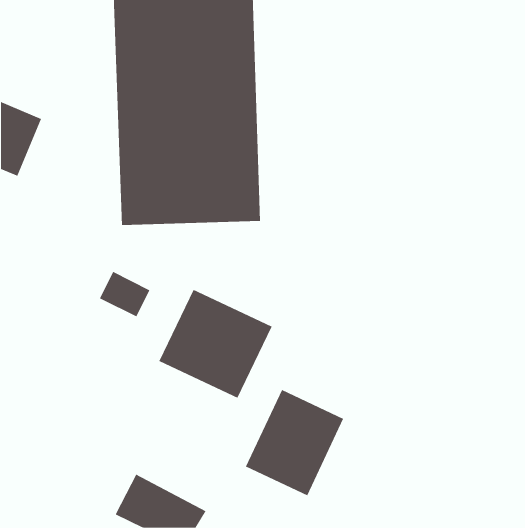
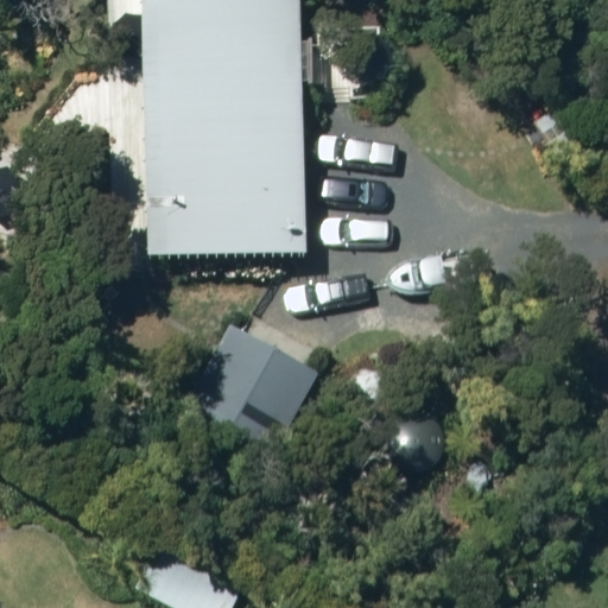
building: [245,389,344,496] -> none

